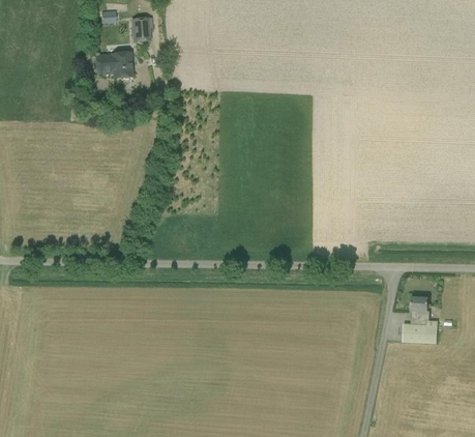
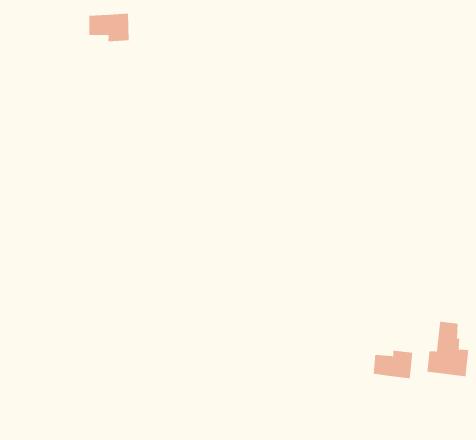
building: none -> [373,350,413,379]

